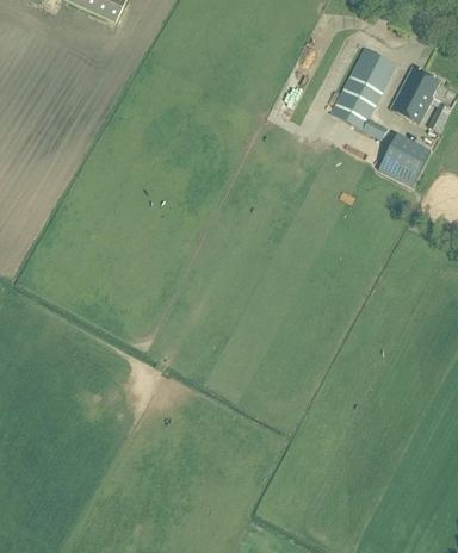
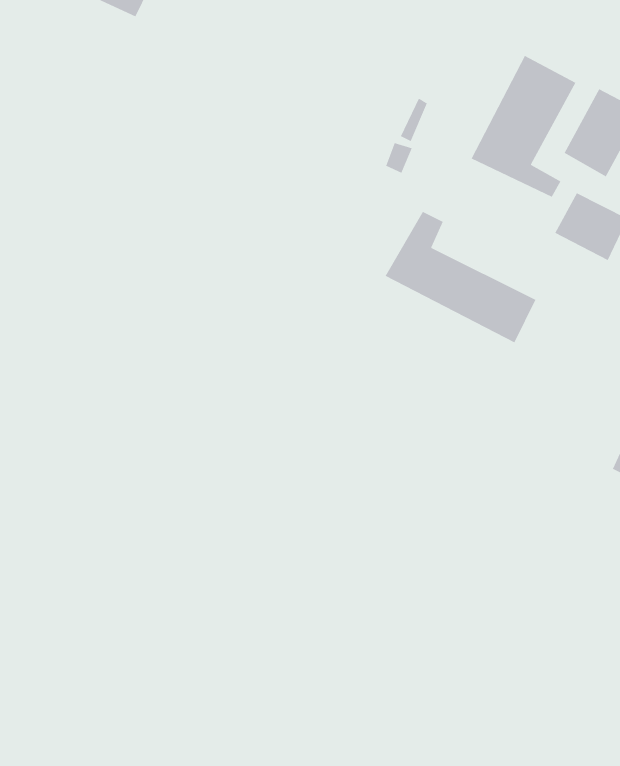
building: none -> [384,211,536,344]

